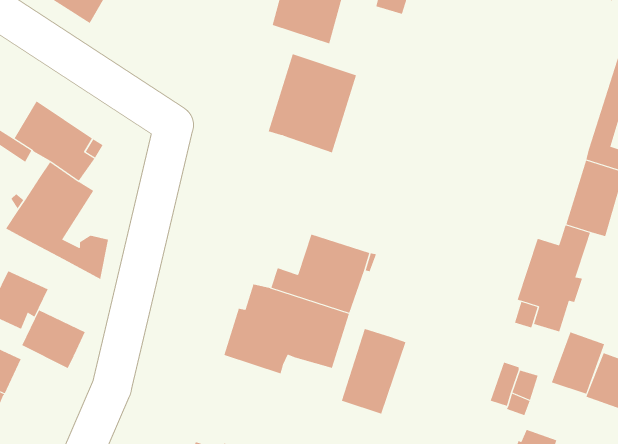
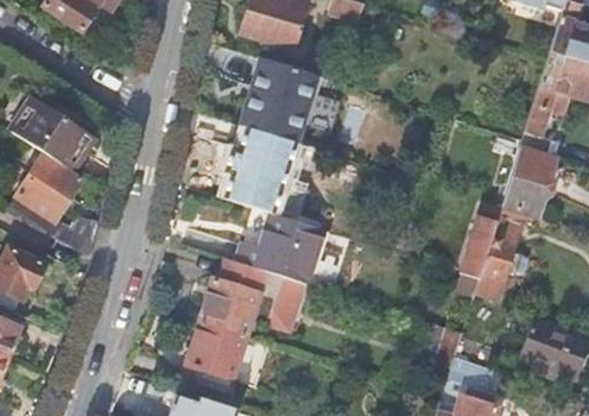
building: none -> [239,128,306,210]
building: [22,310,86,369] -> none
building: [341,328,406,414] -> none
building: [551,331,605,394] -> none
building: none -> [185,322,253,380]

